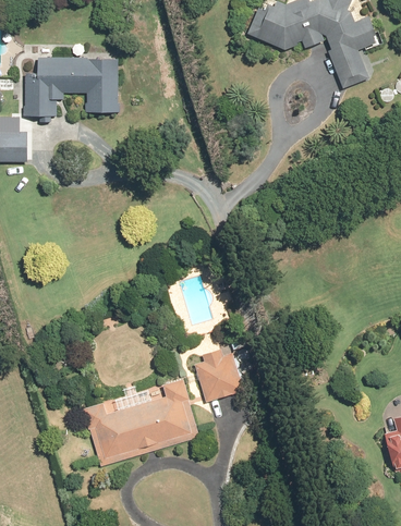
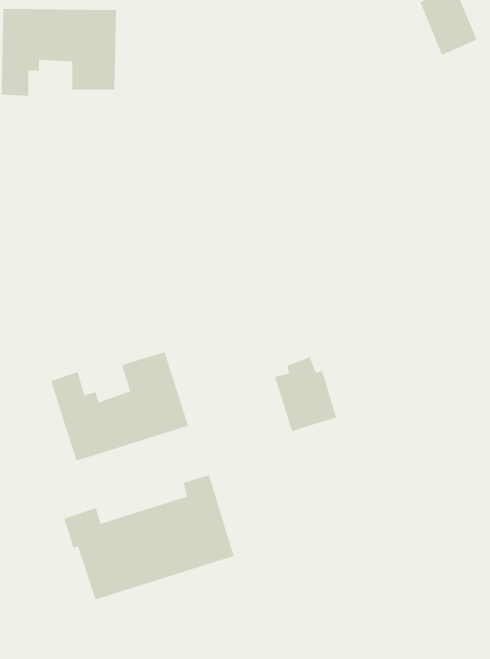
building: none -> [50,351,189,462]
building: [194,348,238,401] -> [274,356,337,432]

